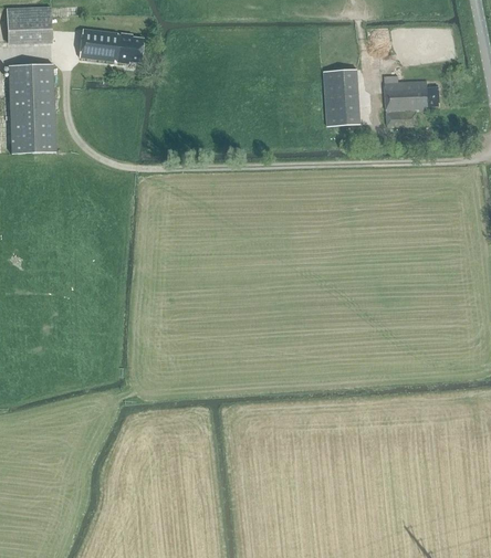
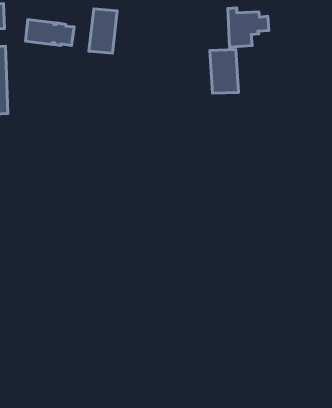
building: none -> [89,9,117,53]
building: [385,75,439,127] -> [228,8,269,47]

